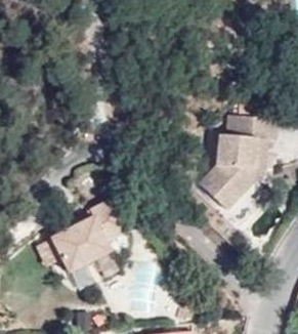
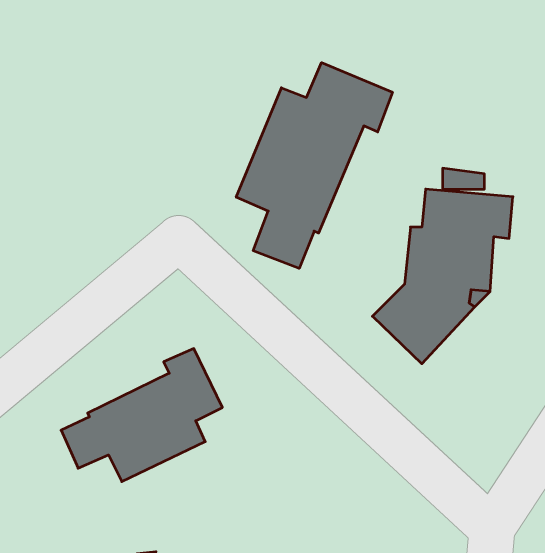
building: none -> [236,63,392,268]

